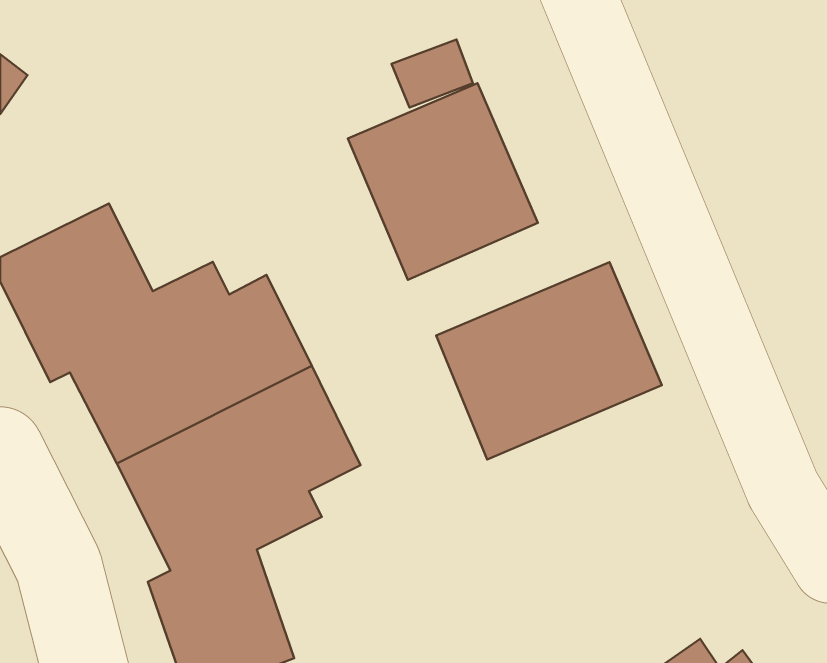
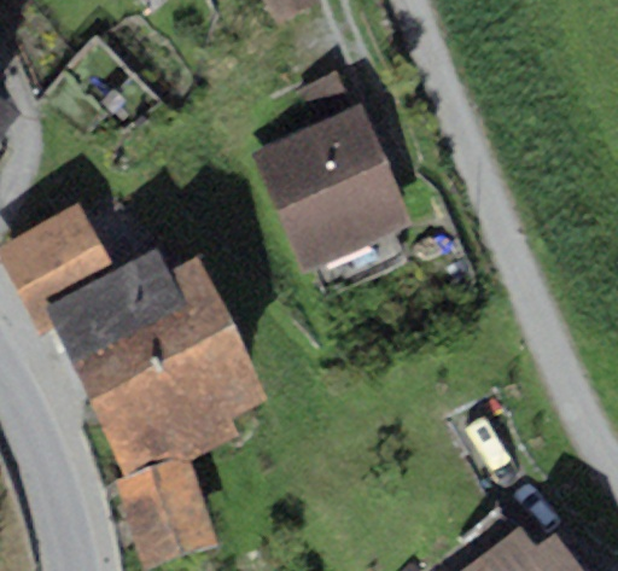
building: [436,262,662,459] -> none

